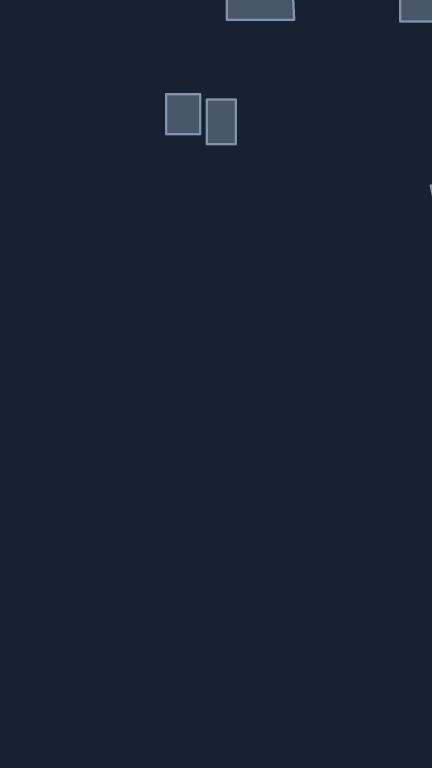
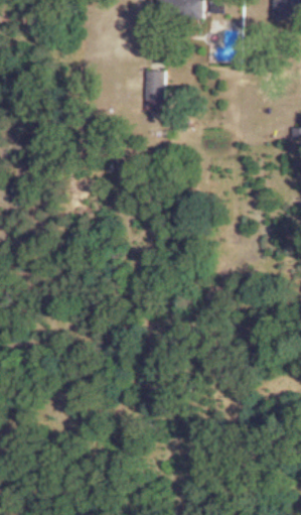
building: [166,94,200,134] -> none

